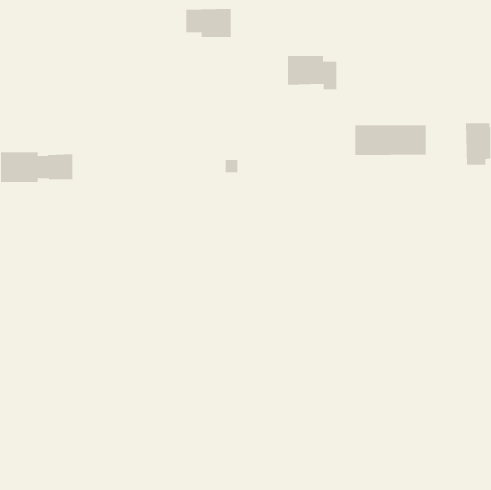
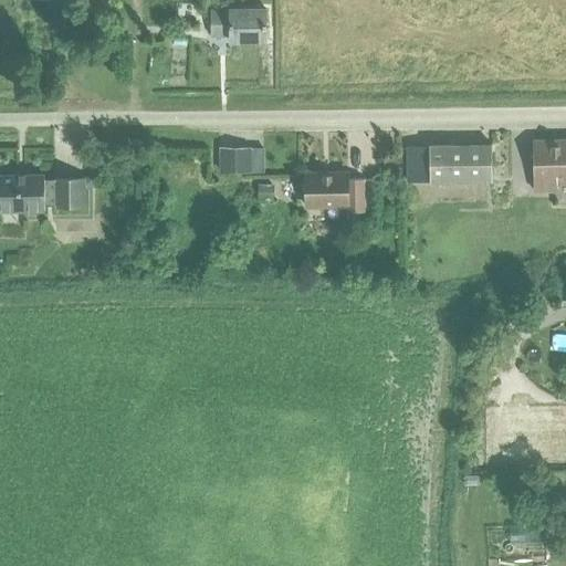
building: [287,55,337,90] -> [305,172,363,212]
building: none -> [219,148,251,174]

